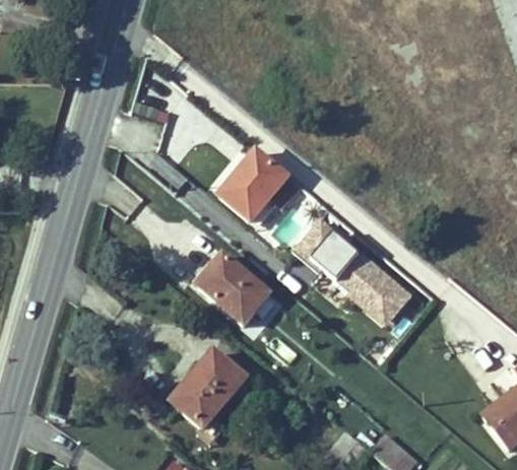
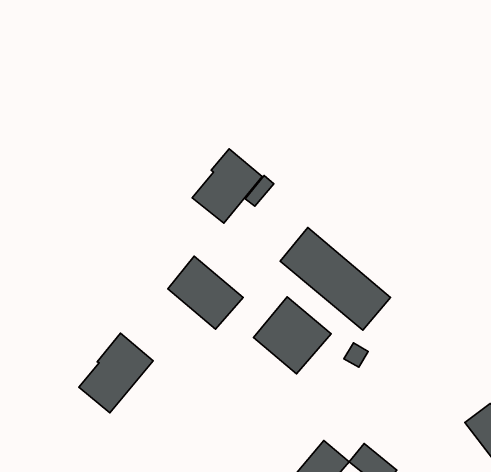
building: none -> [253,297,331,374]
building: [174,350,245,426] -> [79,333,153,413]

